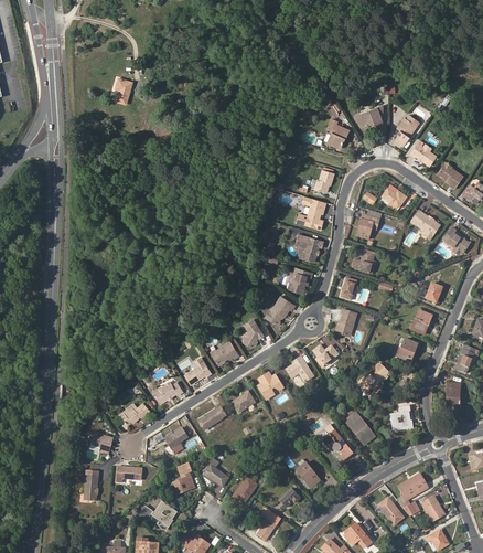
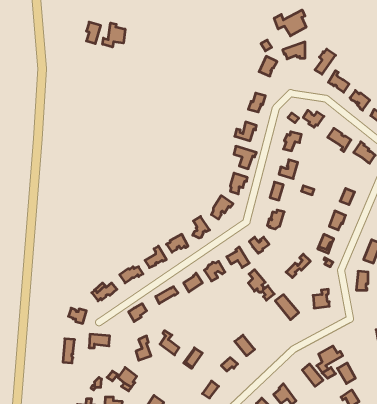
building: none -> [274,10,306,36]
building: none -> [103,23,125,47]
building: [321,425,353,462] -> [248,270,274,300]

